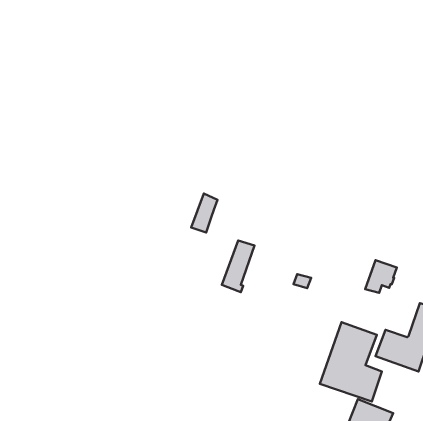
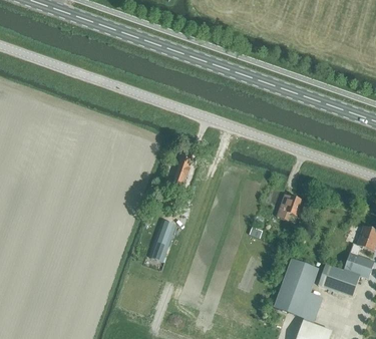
building: [222,241,255,292] -> [149,220,175,261]
building: [365,260,397,293] -> [277,193,302,219]

